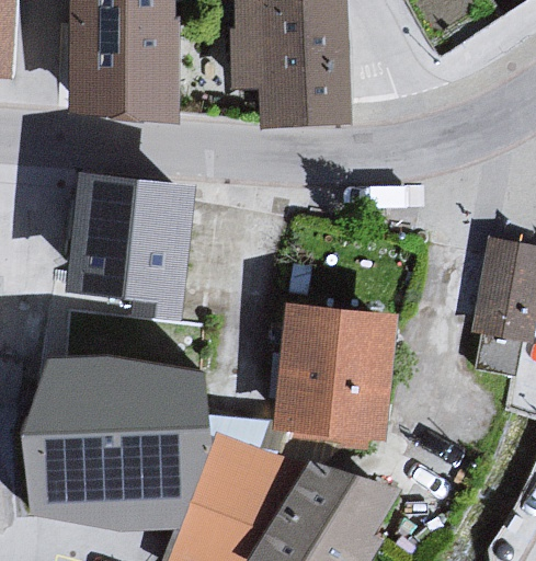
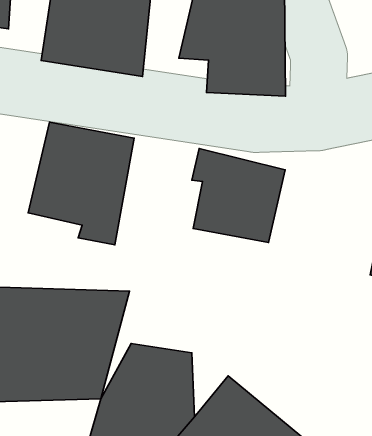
building: none -> [192,149,285,242]
building: [274,301,410,451] -> none

